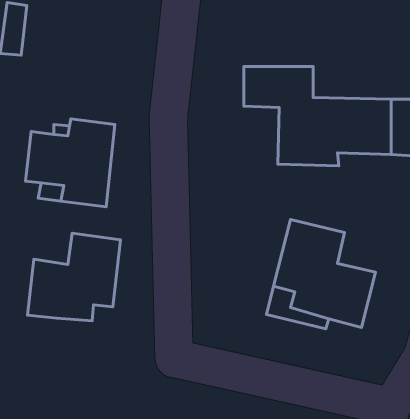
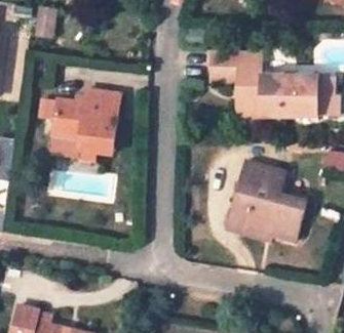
building: [27,233,121,321] -> none

